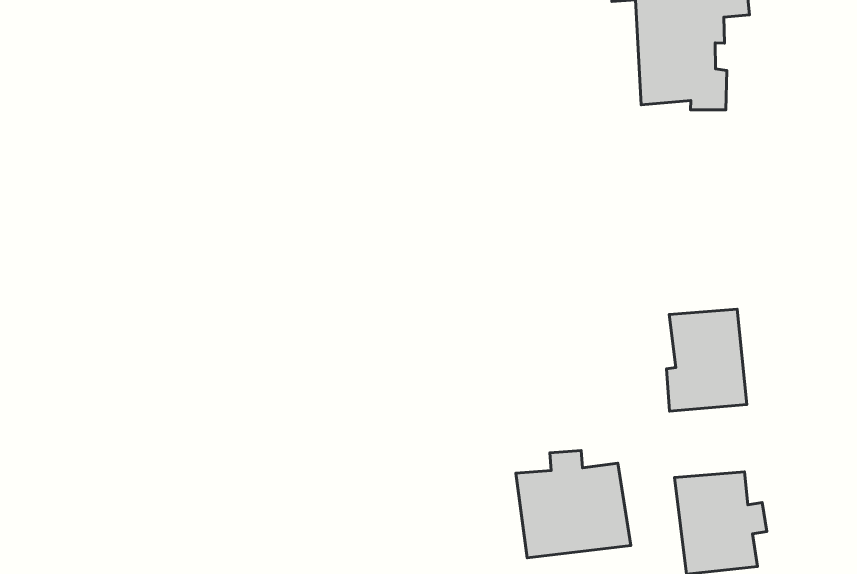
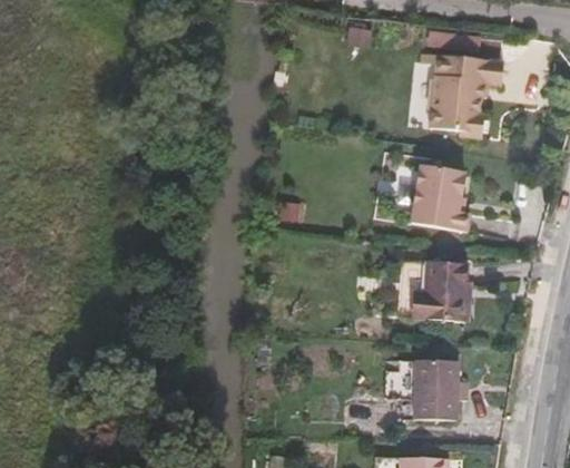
building: none -> [413,163,471,228]
building: [516,451,631,558] -> none

